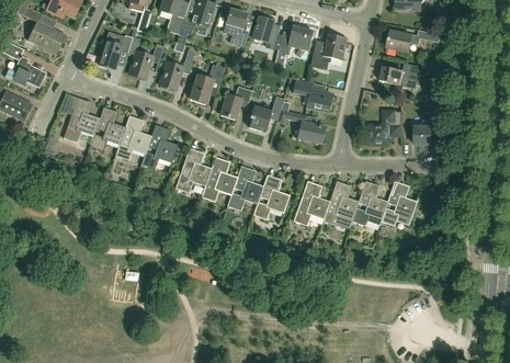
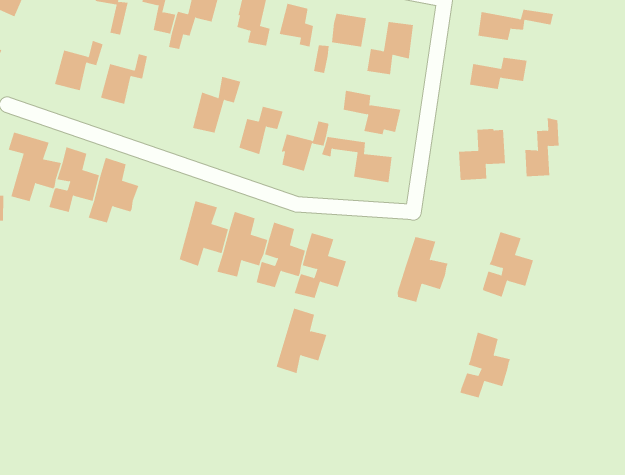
building: [159,49,195,91] -> none
building: [140,124,178,169] -> none
building: [293,181,329,226] -> [276,308,327,374]
building: [351,181,387,226] -> [460,332,511,398]

